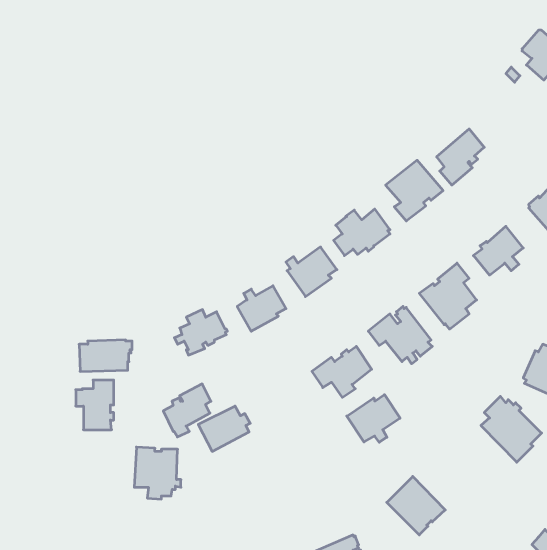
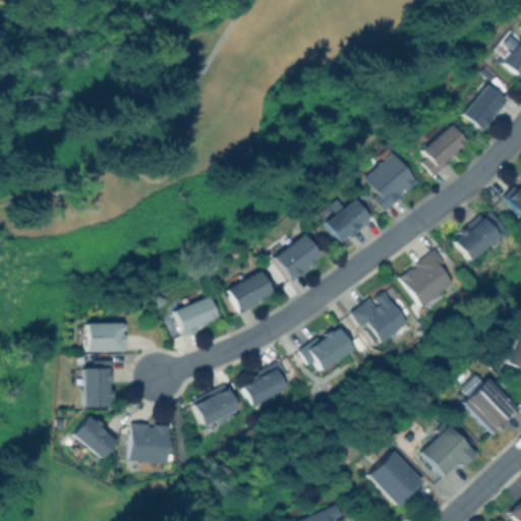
building: none -> [457,83,507,133]
building: [163,384,211,437] -> [243,361,288,411]
building: [347,395,400,442] -> none
building: none -> [73,415,119,459]
building: none -> [416,423,473,477]

